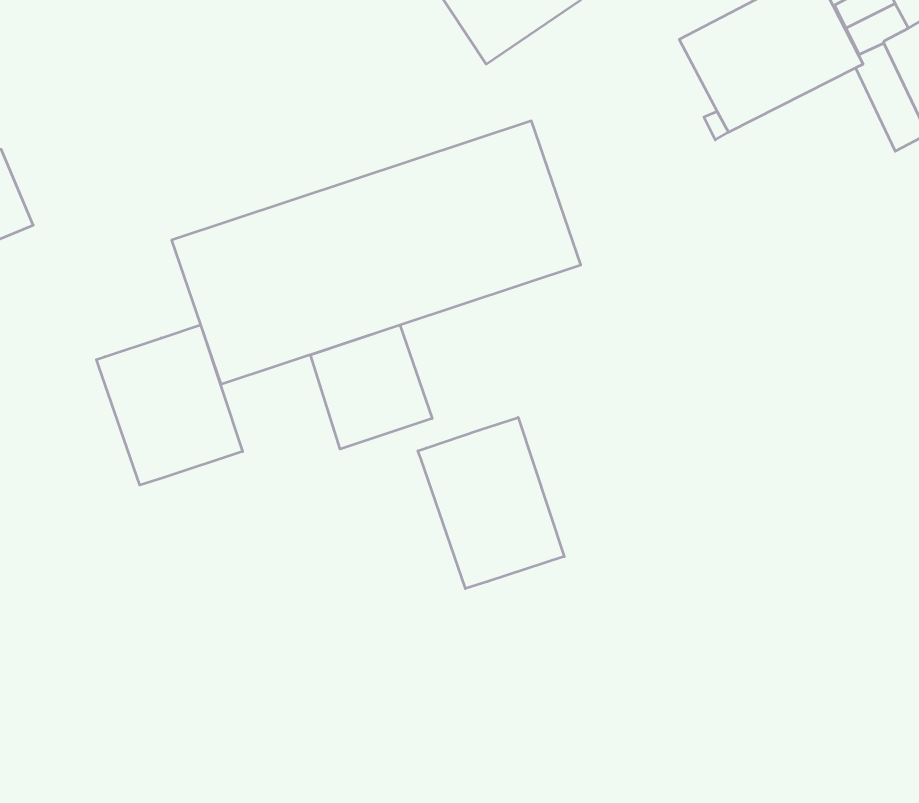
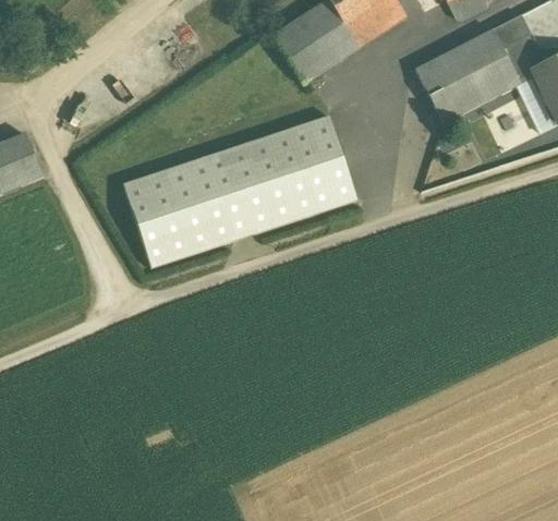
building: [311,325,432,449] -> none
building: [96,325,243,485] -> none
building: [418,417,564,589] -> none

